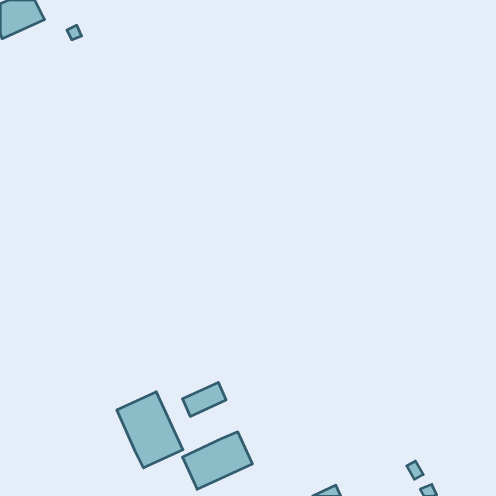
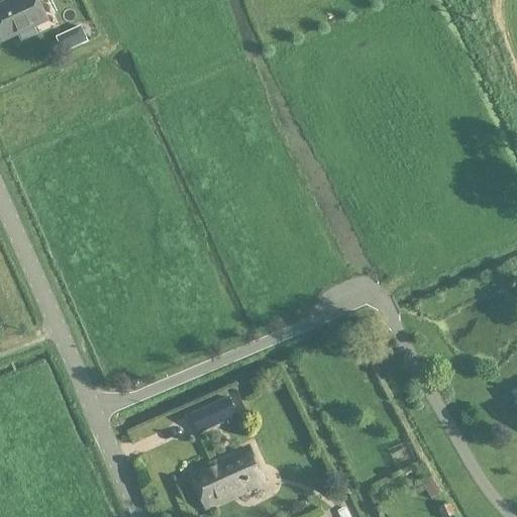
building: [117,392,183,468] -> none

